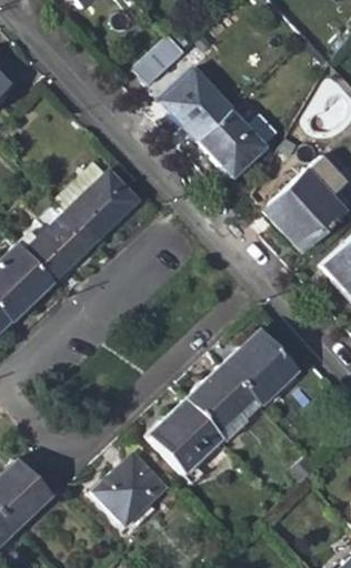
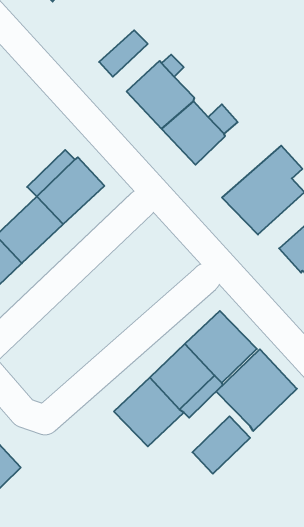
building: none -> [216,349,297,431]
building: none -> [192,416,250,474]
building: [98,446,168,527] -> none

